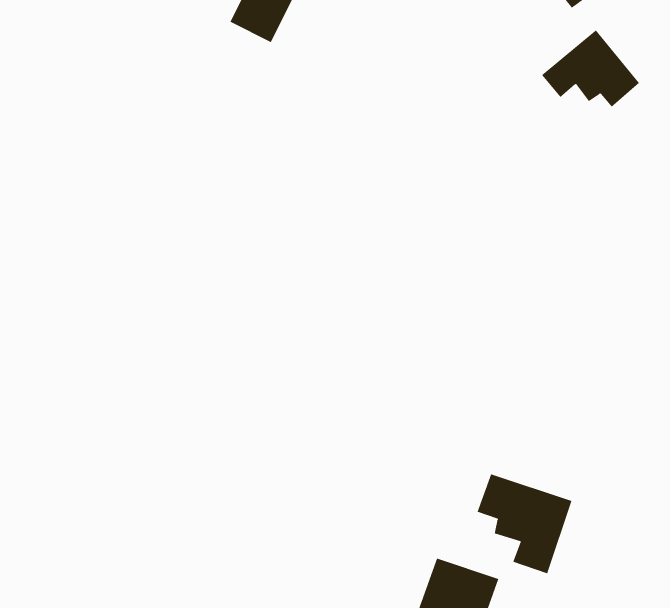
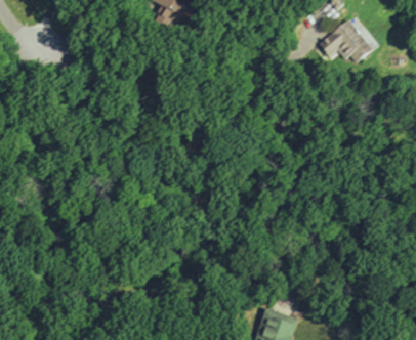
building: [477,474,572,574] -> none

